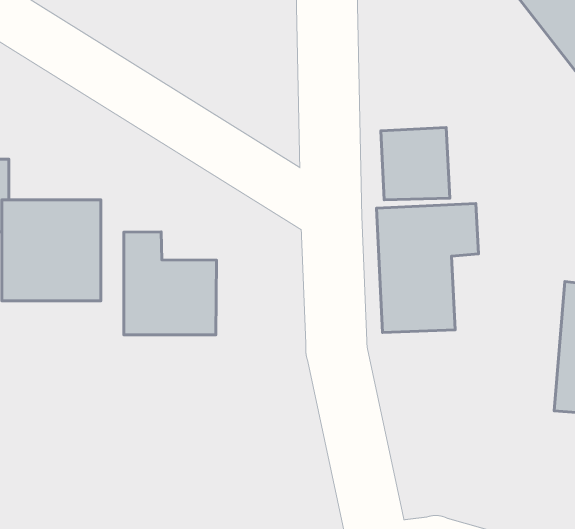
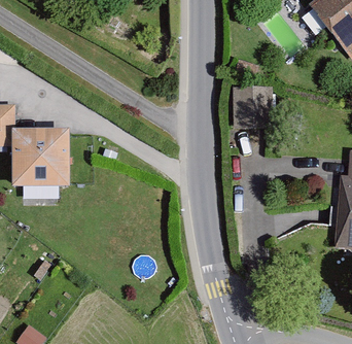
building: [376,203,479,332] -> none
building: [124,232,217,335] -> none

